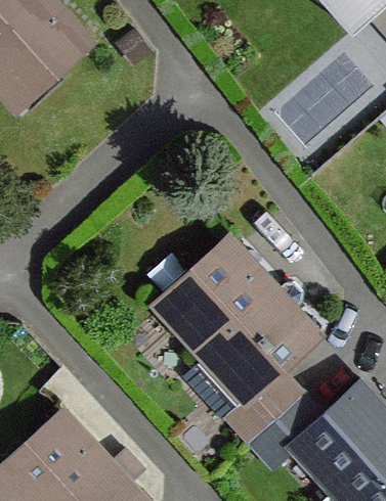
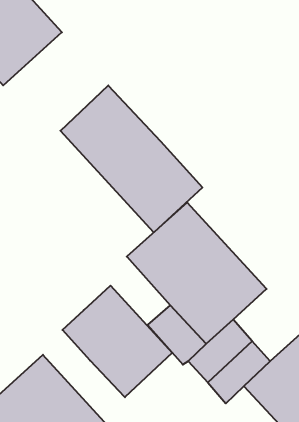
building: none -> [60,85,202,232]
building: none -> [62,286,172,397]

